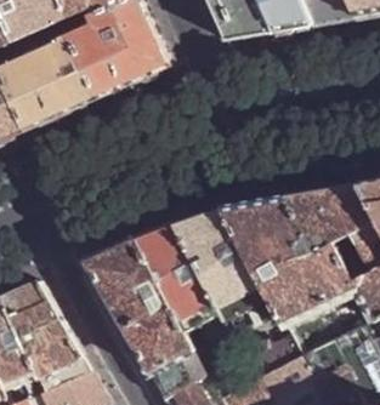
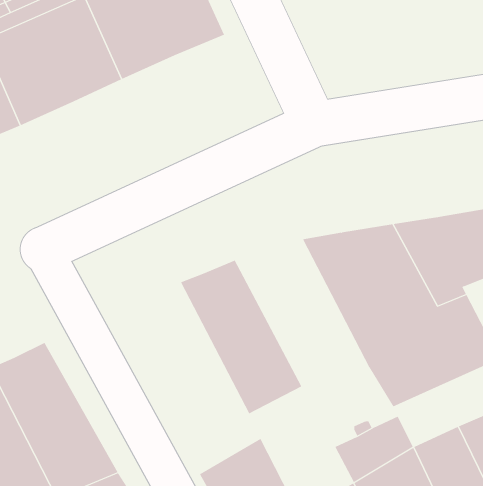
building: [174,207,268,318] -> none
building: [84,238,192,373] -> none

